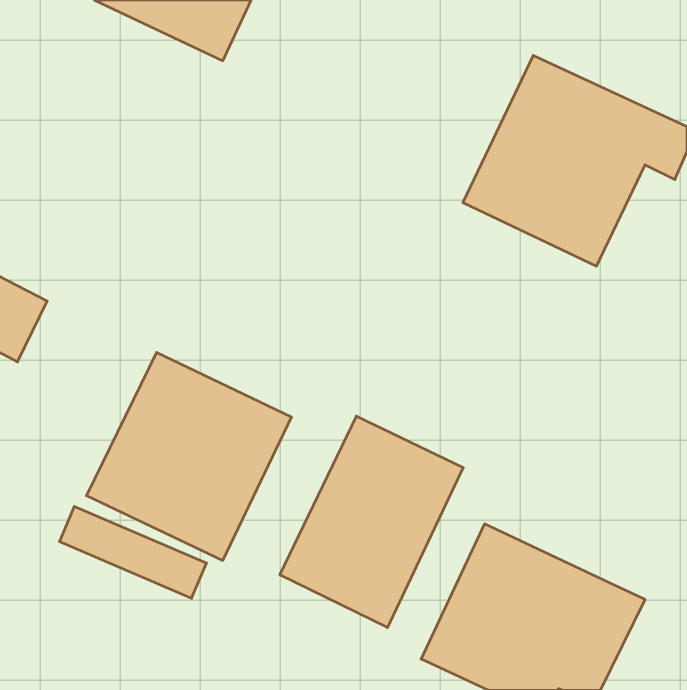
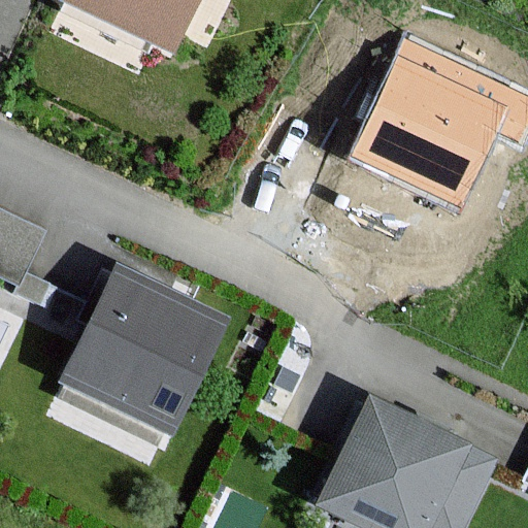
building: [280,416,463,628] -> none

